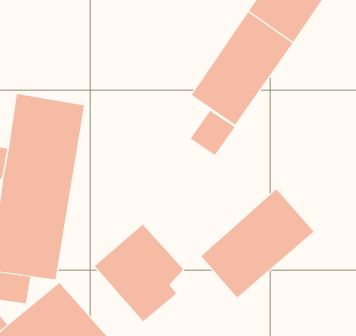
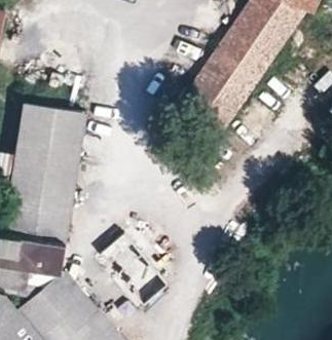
building: [190,110,235,156] -> none
building: [200,189,315,299] -> none

